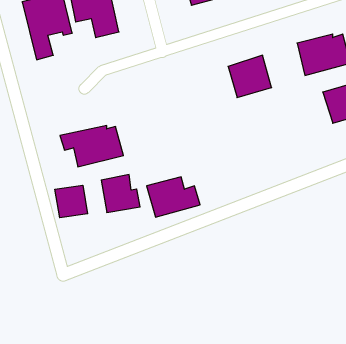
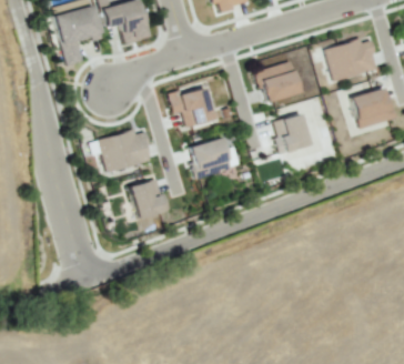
building: none -> [169,88,214,127]
building: none -> [273,114,311,153]
building: [147,177,200,217] -> [189,138,242,178]
building: [55,185,88,218] -> none

